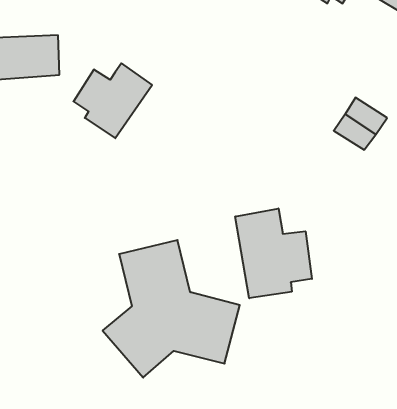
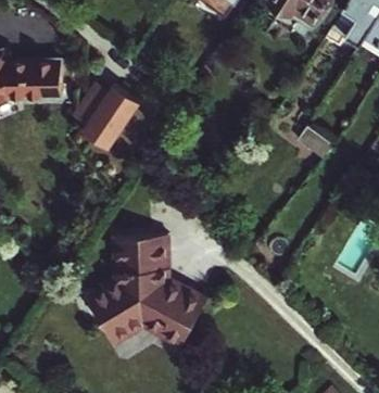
building: [235,208,312,298] -> none

